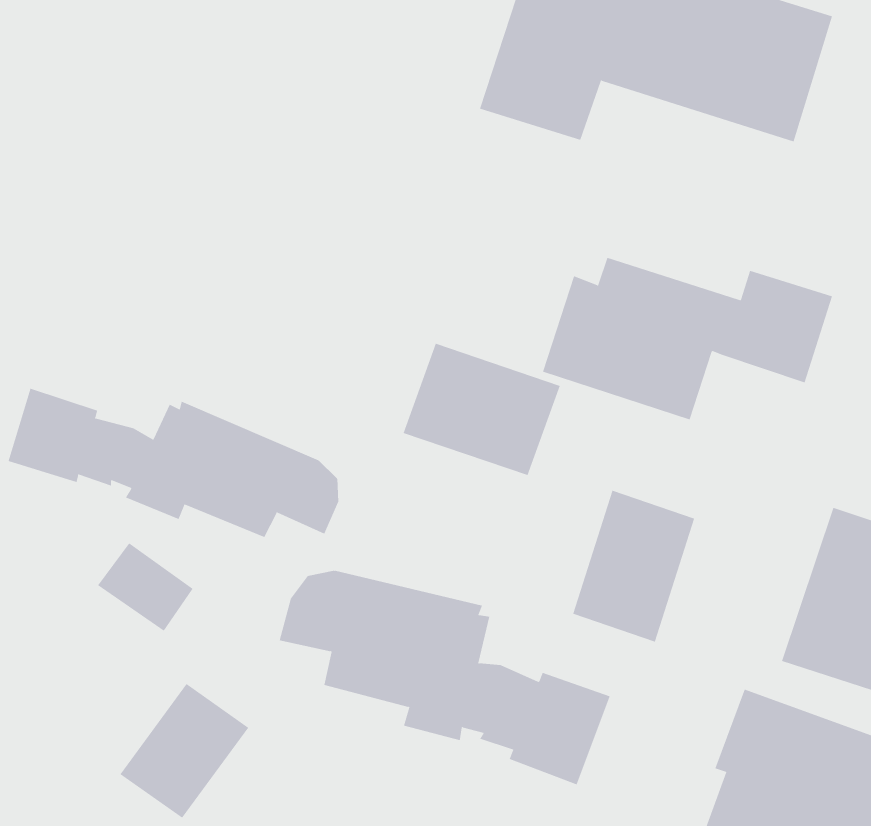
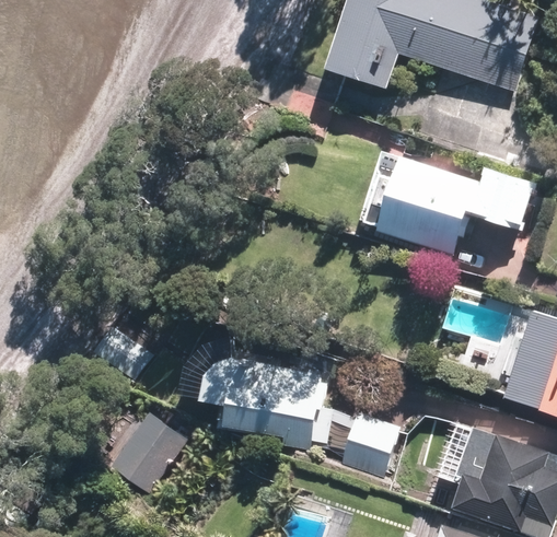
building: [403,343,561,476] -> none
building: [8,388,339,538] -> none
building: [573,490,695,642] -> none

